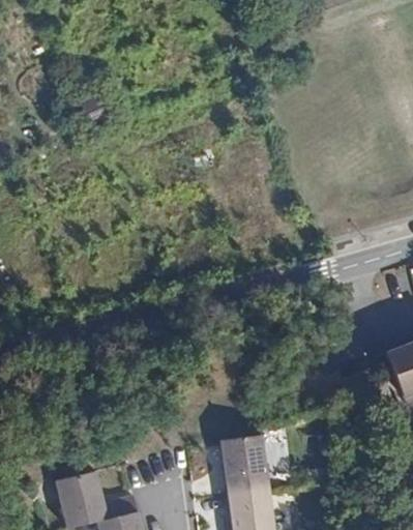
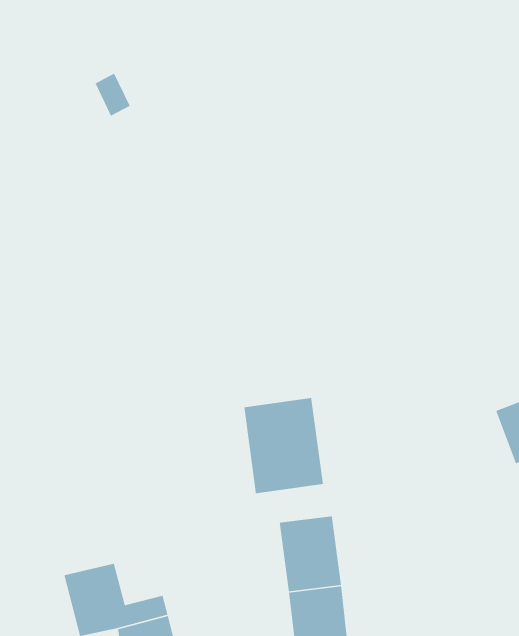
building: none -> [243,397,324,494]

